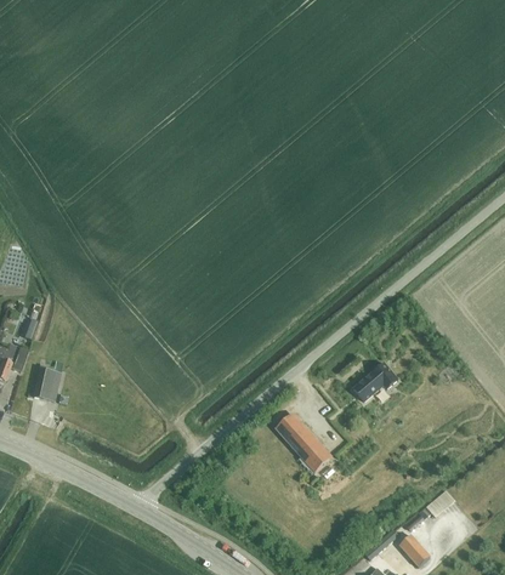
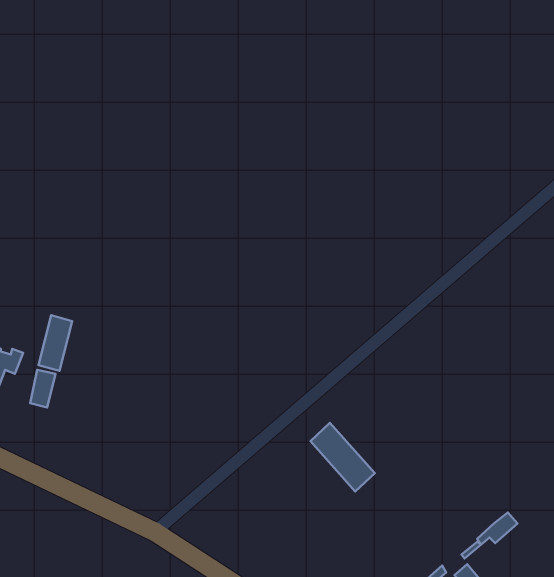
building: none -> [39,315,72,371]
building: [353,361,398,400] -> none

